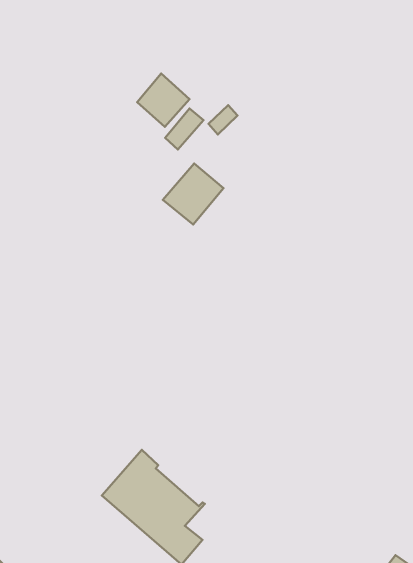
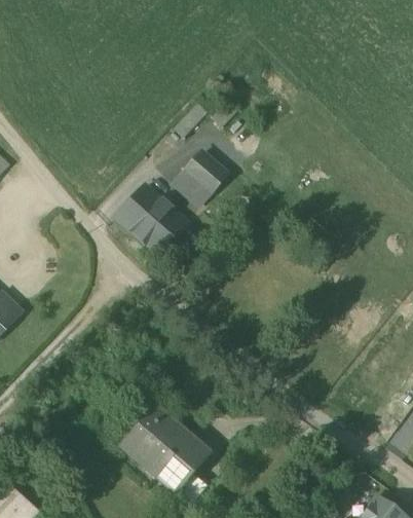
building: [137,74,189,127] -> none
building: none -> [117,185,184,251]

